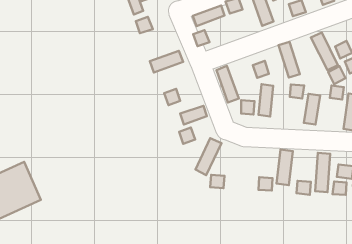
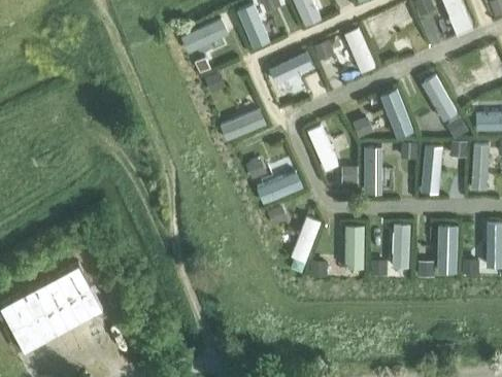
building: none -> [344,226,364,269]

